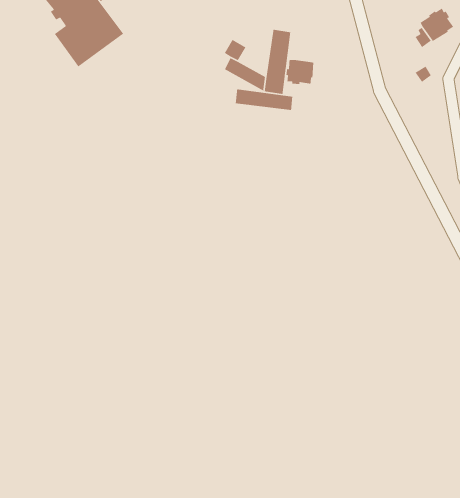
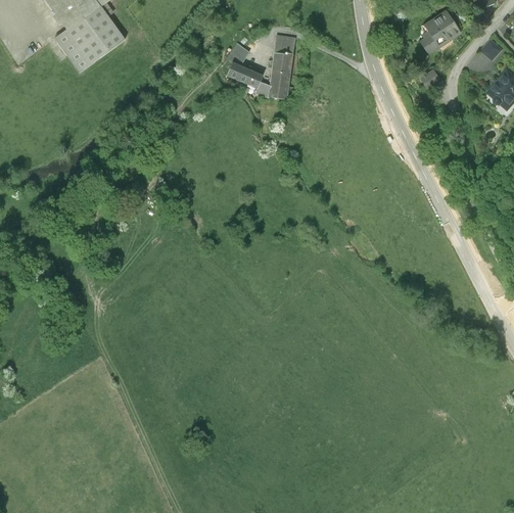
building: [286,59,314,85] -> none
building: [235,89,293,111] -> none

